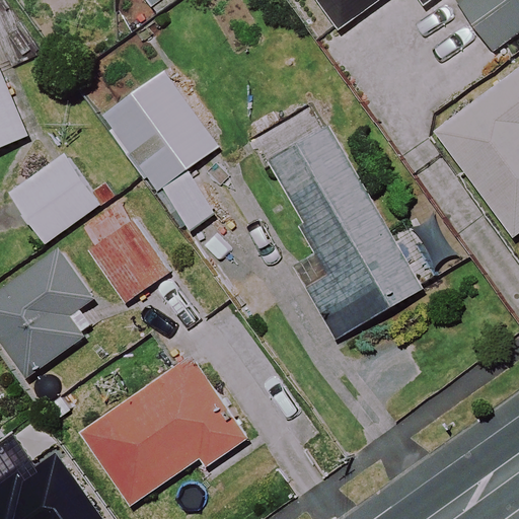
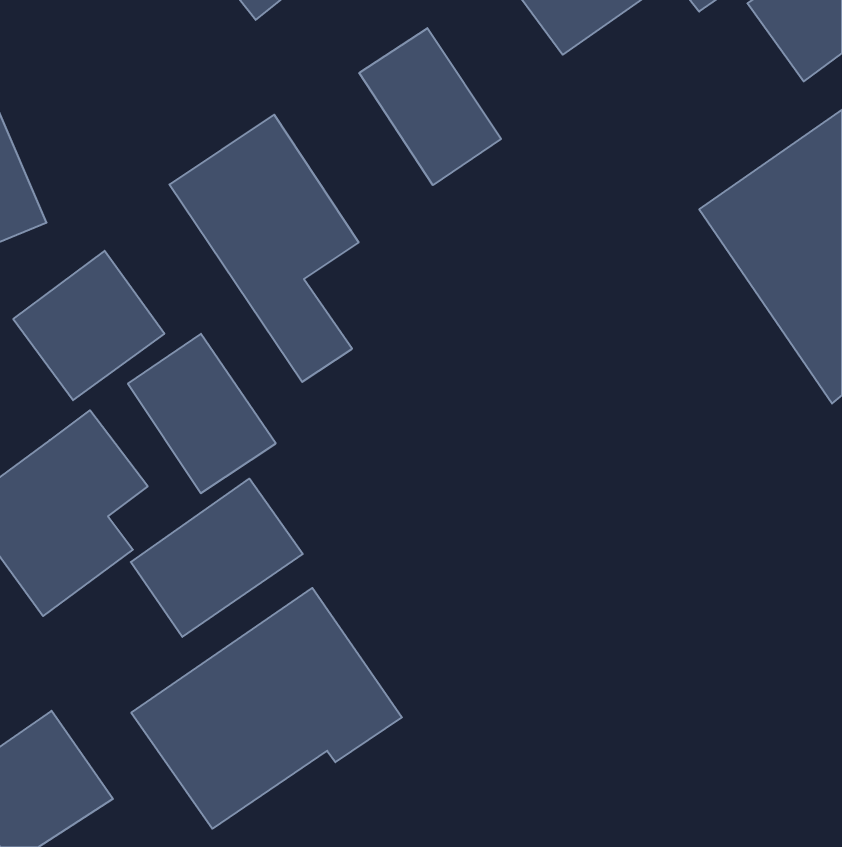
building: none -> [359,28,501,185]
building: [270,122,421,337] -> none
building: none -> [131,479,303,637]

